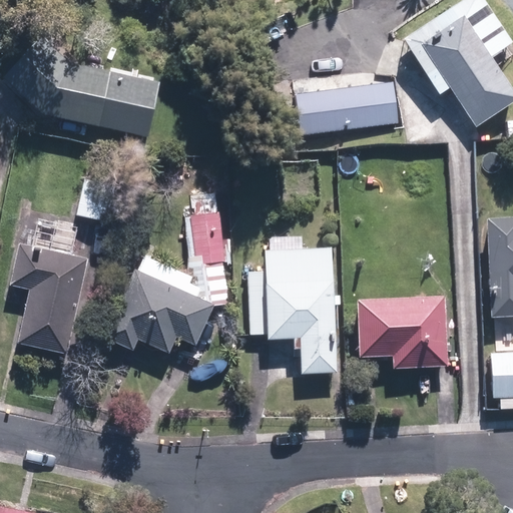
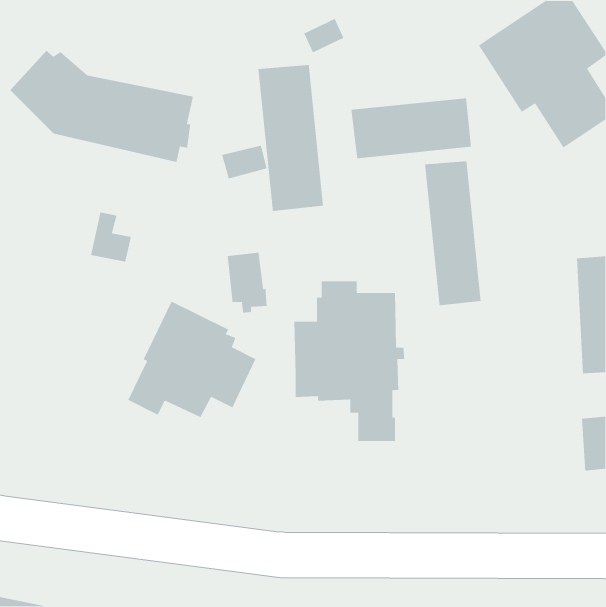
building: none -> [257,64,324,212]
building: none -> [424,161,481,306]
building: [11,243,89,353] -> none
building: [358,295,447,368] -> none

